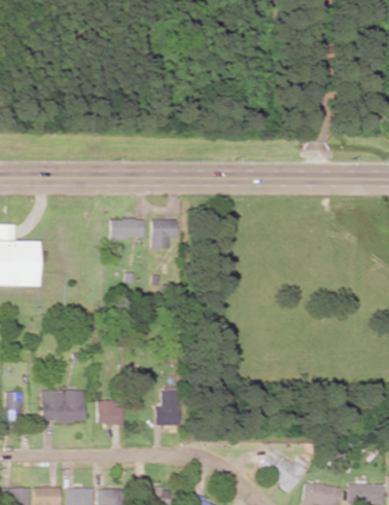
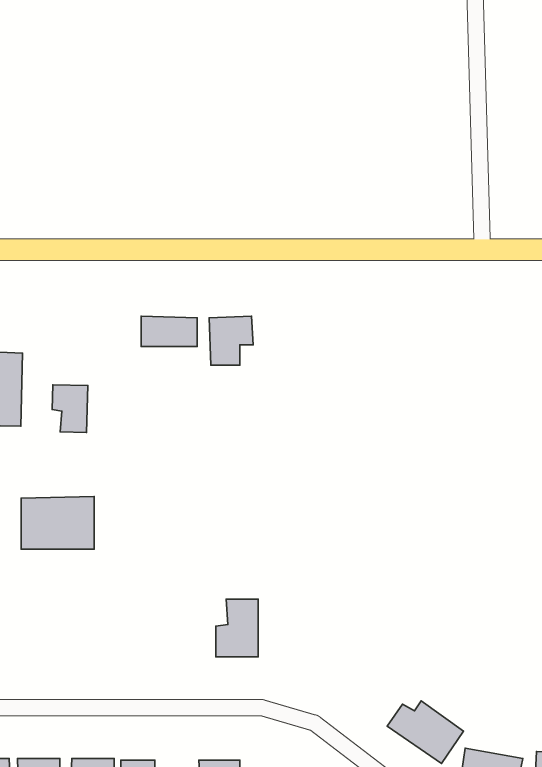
building: none -> [52,385,88,432]
building: [42,390,86,422] -> [21,497,94,549]
building: [98,400,125,425] -> none

